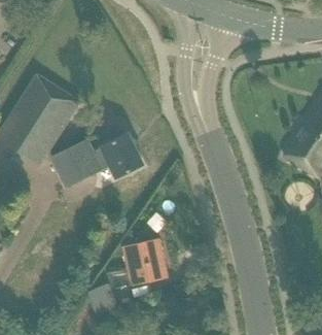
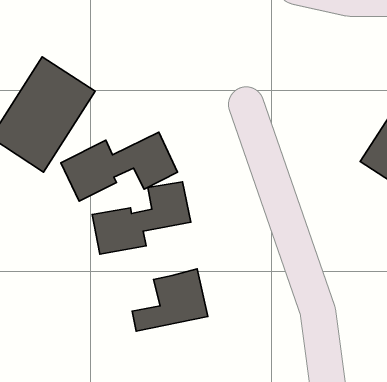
building: none -> [92,182,191,254]
building: [85,283,118,316] -> none

